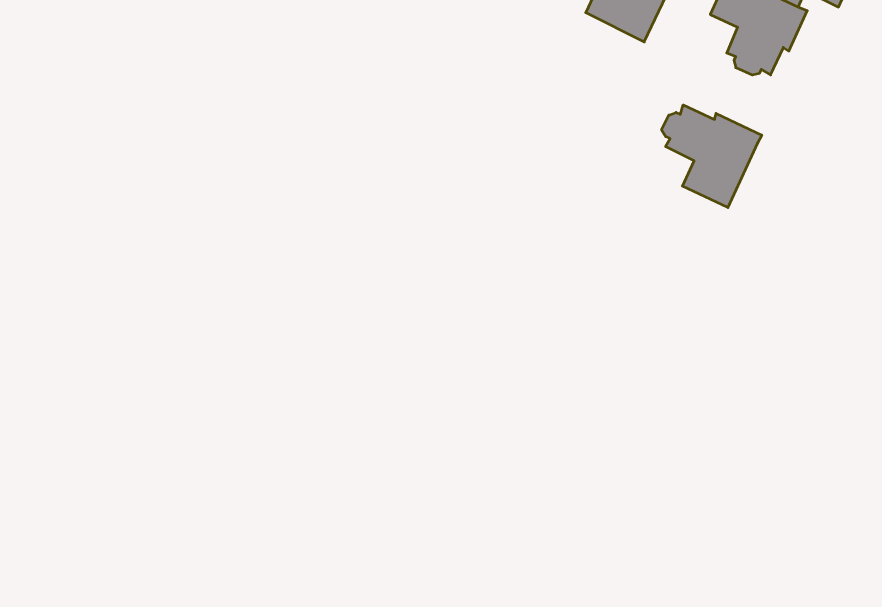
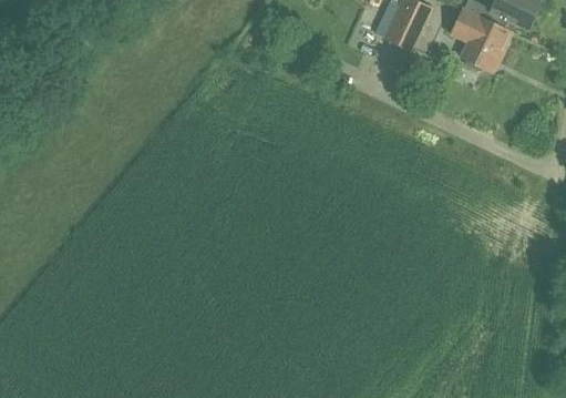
building: [662,105,762,208] -> none

